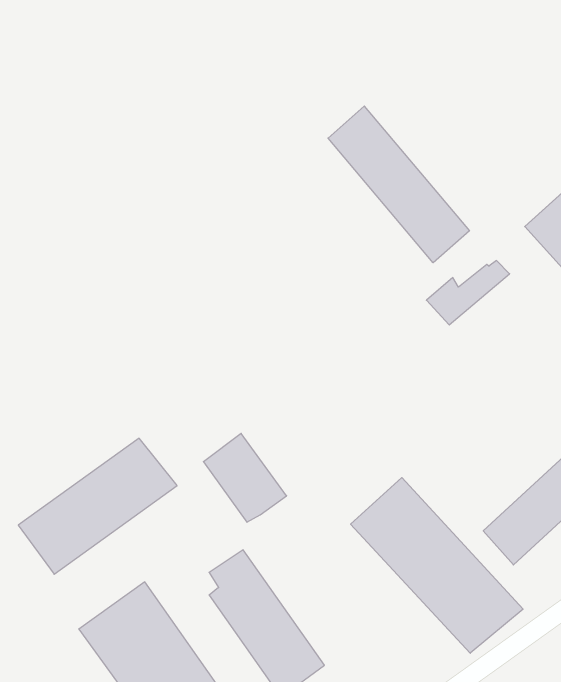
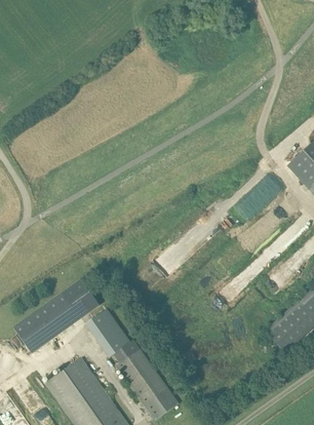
building: [328,106,469,263] -> none
building: [203,433,287,522] -> [86,309,131,357]
building: [351,478,523,653] -> none

